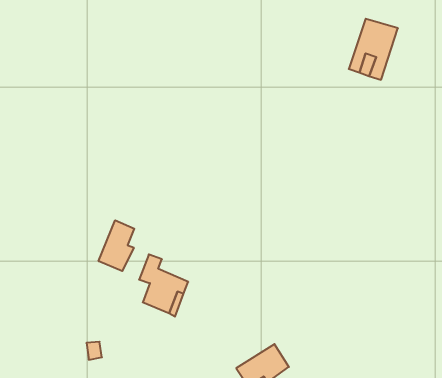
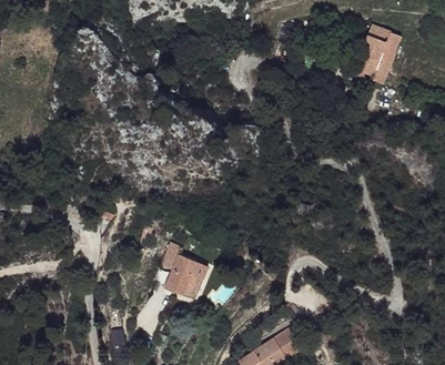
building: [99,220,134,271] -> none

